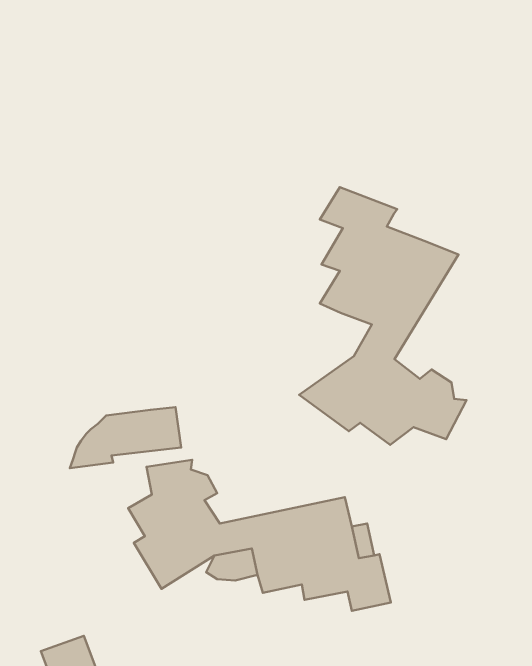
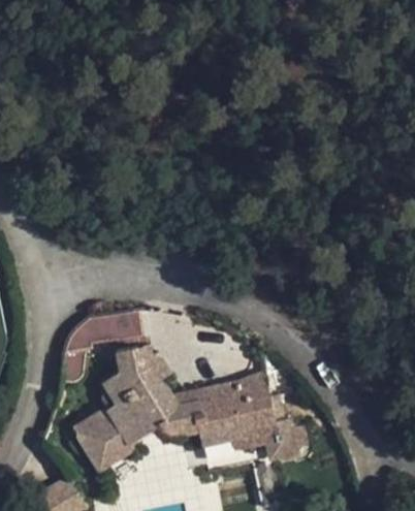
building: [299,187,466,445] -> none
building: none -> [72,408,132,472]

